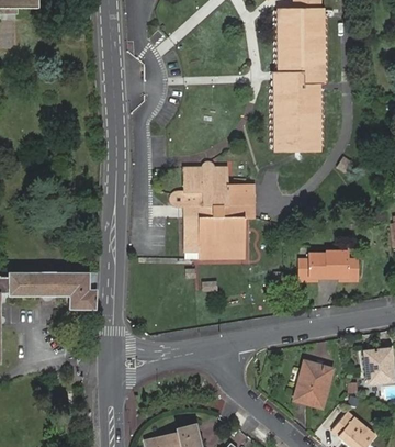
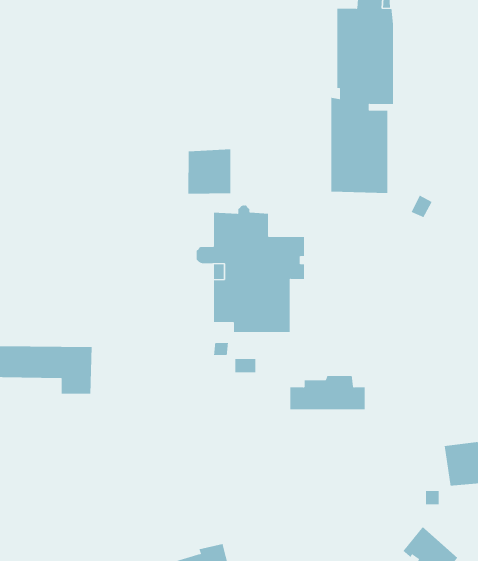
building: none -> [188,149,231,194]
building: [301,253,359,279] -> [289,375,365,410]
building: [293,359,330,403] -> none

